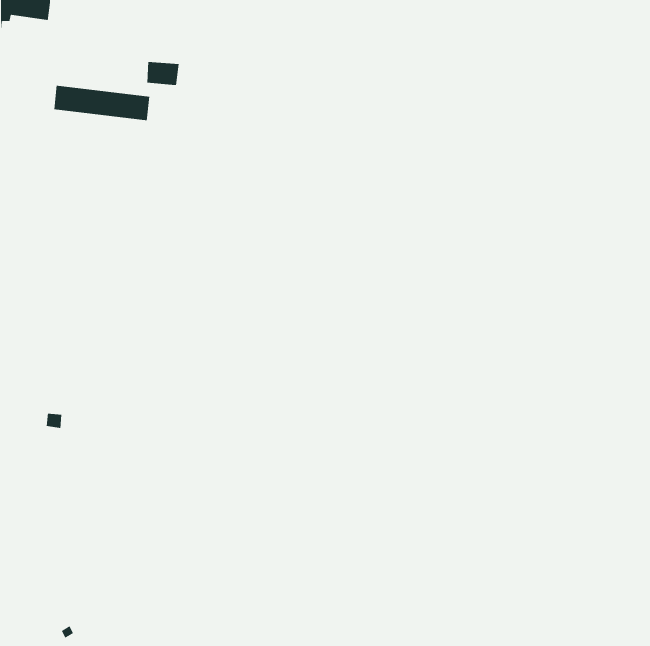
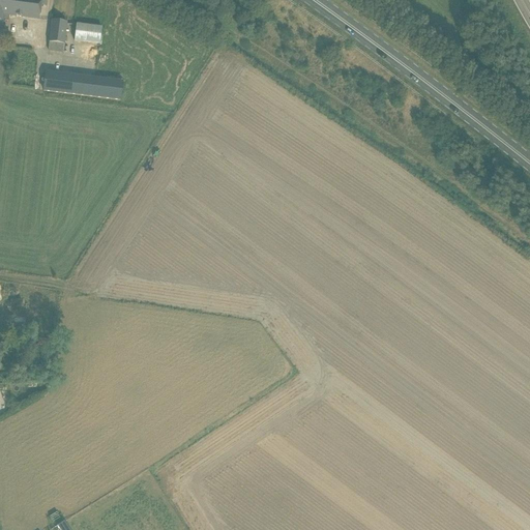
building: none -> [49,18,67,51]
building: [146,61,179,86] -> [75,22,101,41]

